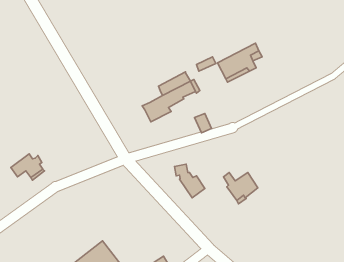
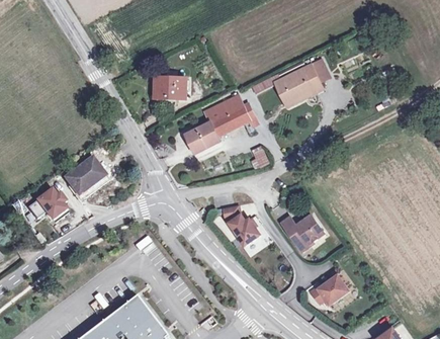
building: none -> [154,76,184,97]
building: none -> [65,156,104,194]
building: none -> [312,273,349,304]

